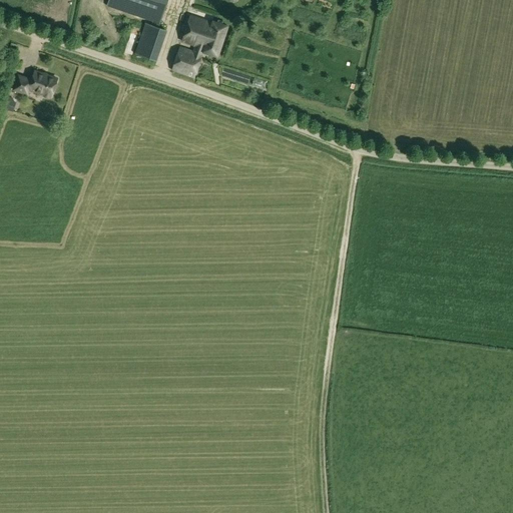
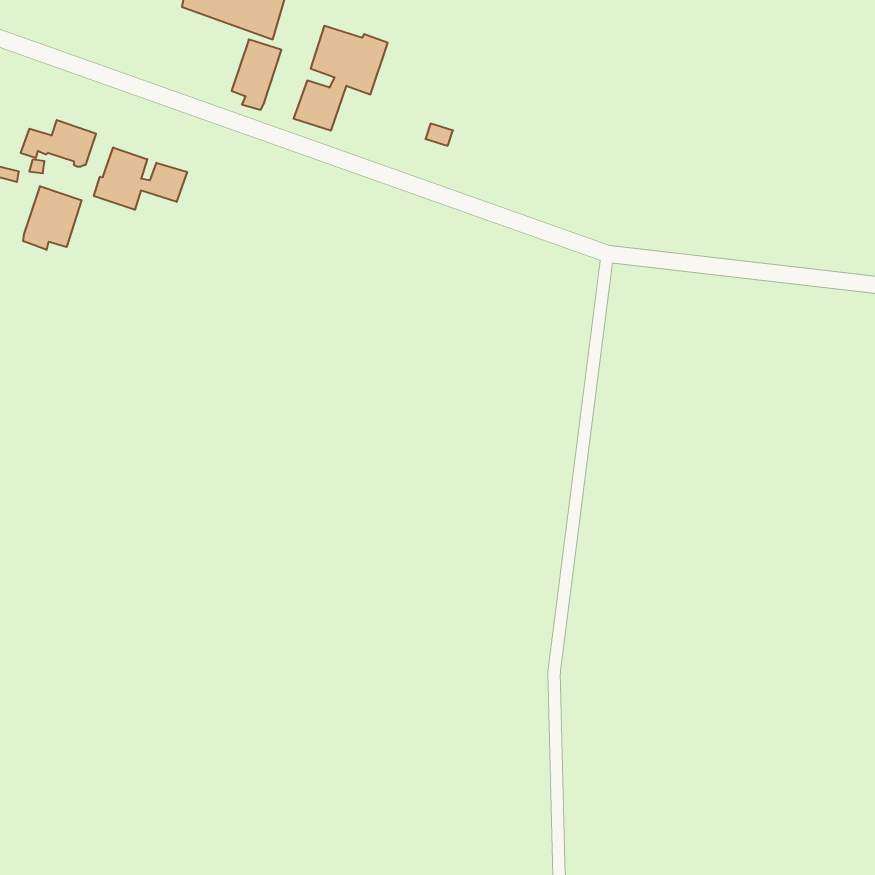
building: none -> [94,147,187,210]
building: none -> [23,186,81,250]

